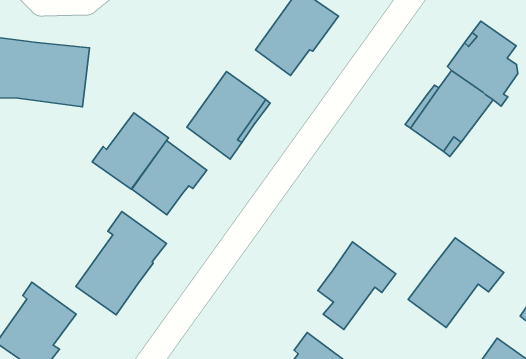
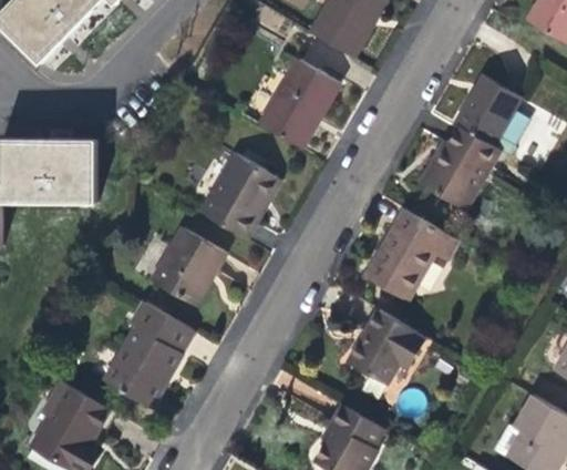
building: [92,113,169,189] -> none
building: [408,238,504,328] -> [363,211,456,302]

